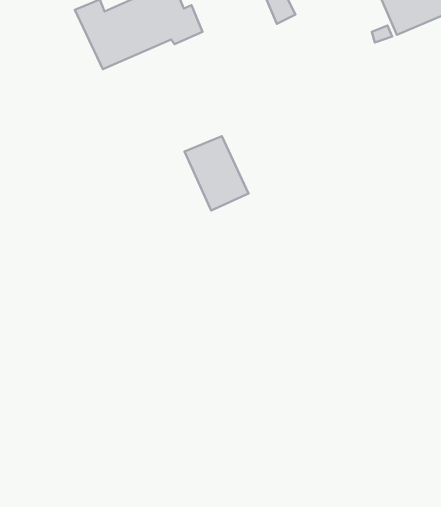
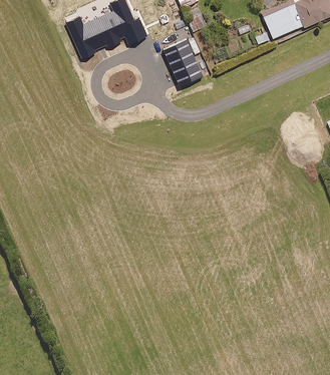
building: [185,136,248,211] -> [163,39,205,87]

